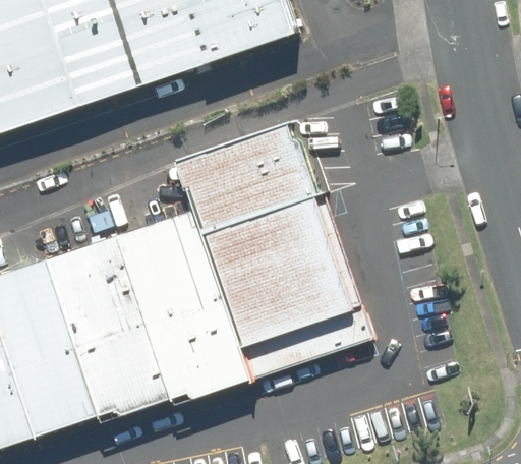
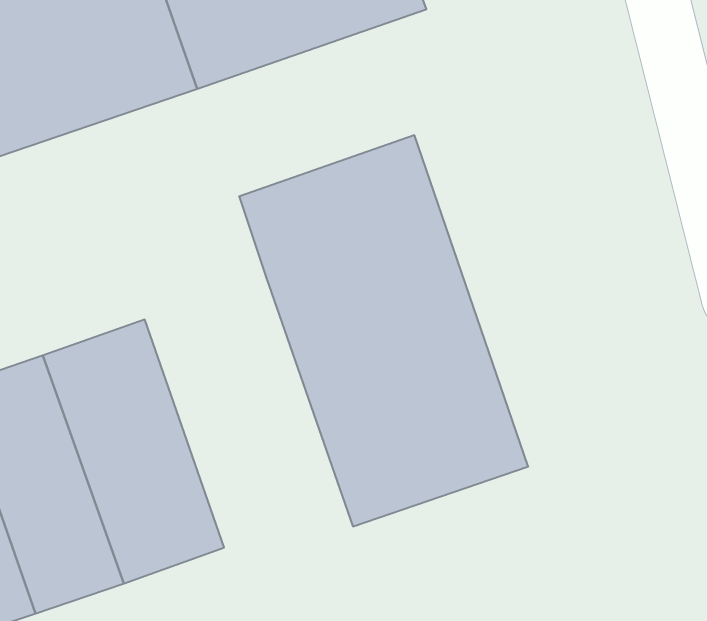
building: [107,212,248,408] -> none

